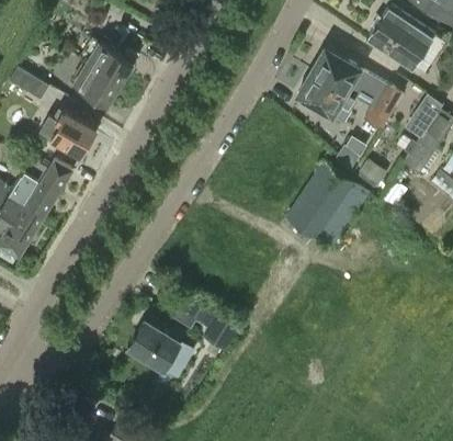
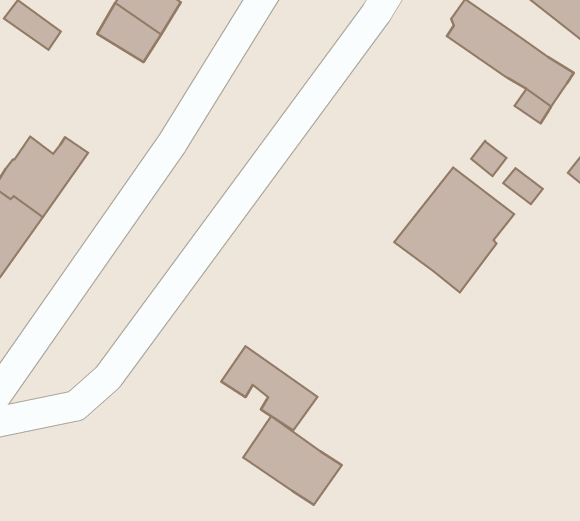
building: [295,74,356,122] -> none
building: [41,111,95,155] -> none
building: [127,318,195,377] -> [243,416,342,505]

